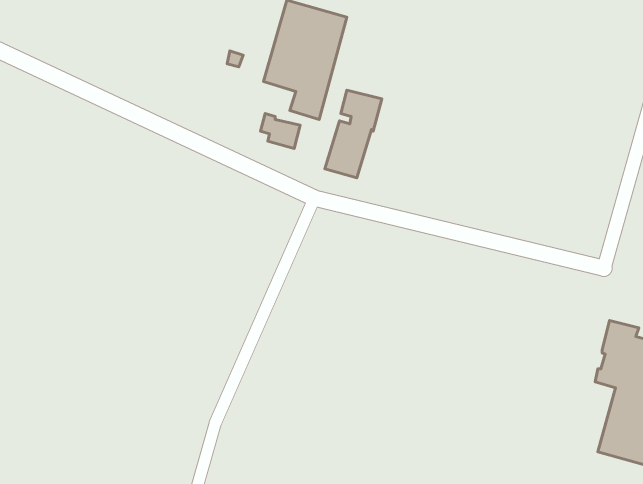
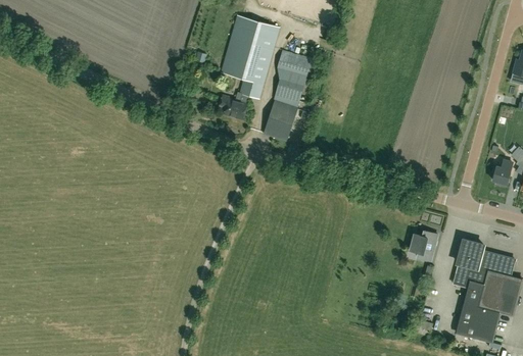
building: none -> [277,49,318,75]
building: none -> [410,231,437,260]

